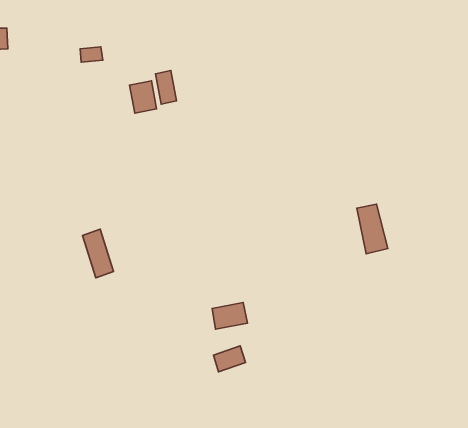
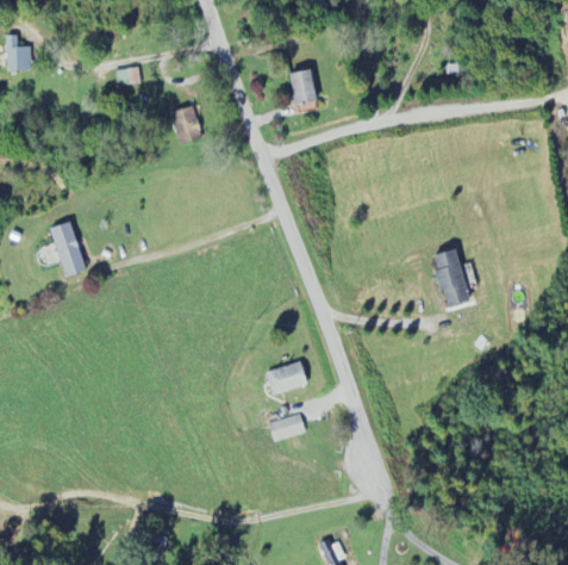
building: none -> [287,69,317,105]
building: [155,71,176,104] -> none
building: [82,229,113,278] -> [50,222,86,278]

